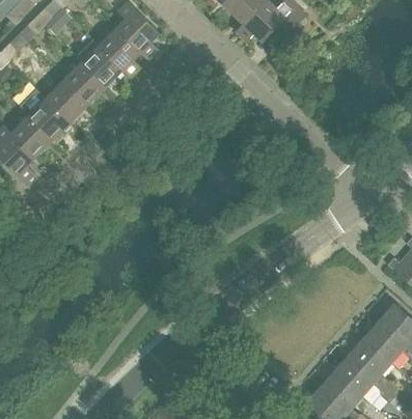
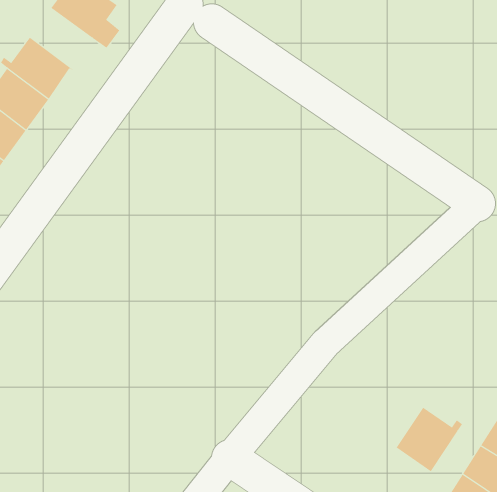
building: [95,28,141,77] -> none
building: none -> [396,407,463,472]

